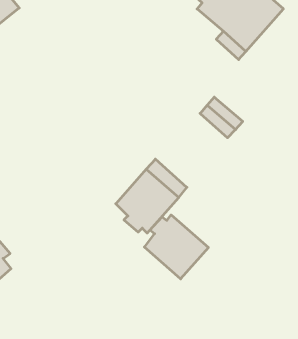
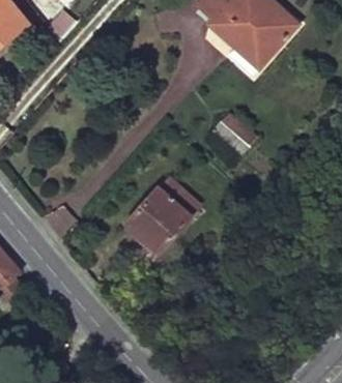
building: [144,215,208,279] -> none

